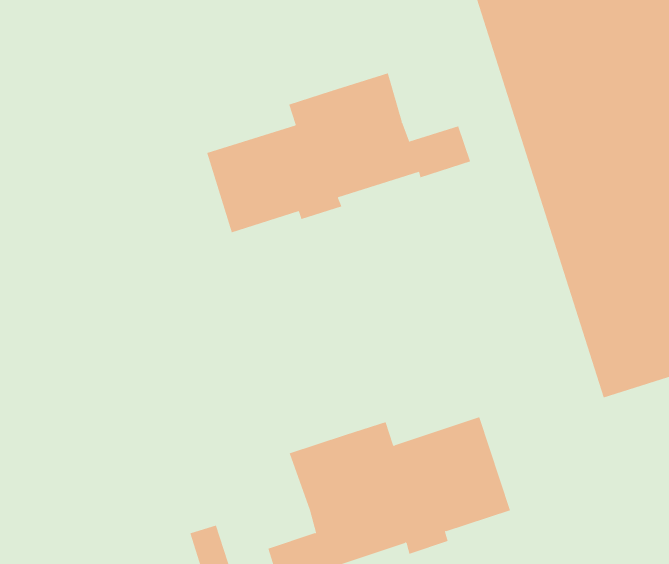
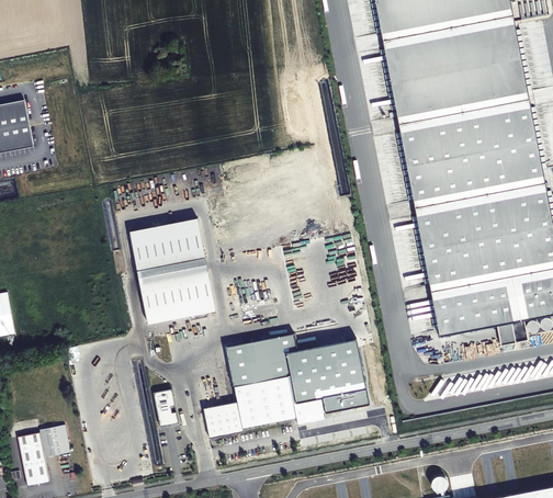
building: [207,73,471,233] -> none
building: none -> [129,218,214,321]

